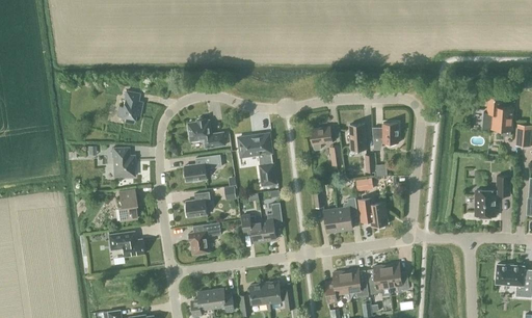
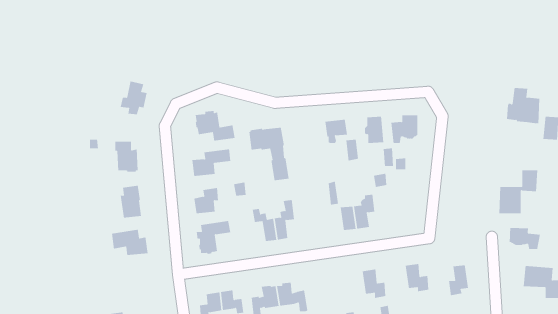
building: [357,197,387,226] -> none
building: none -> [509,227,541,250]
building: [369,265,389,294] -> [448,265,469,296]
building: [324,270,348,303] -> none

